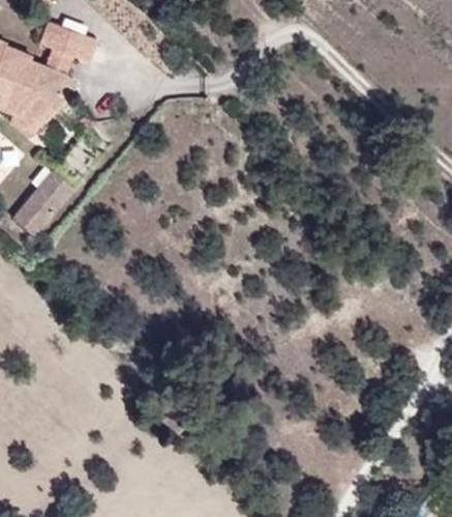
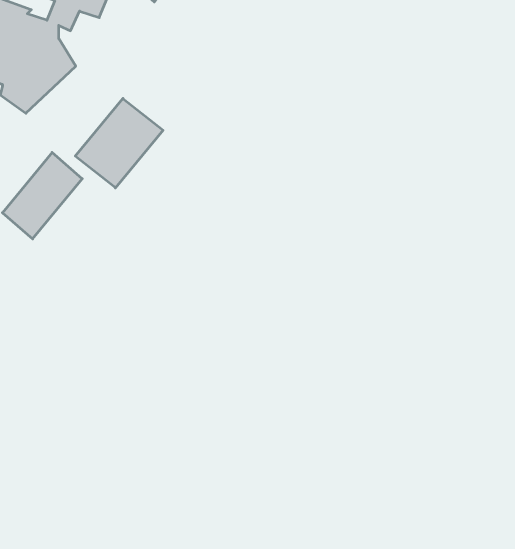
building: none -> [75,98,163,188]

